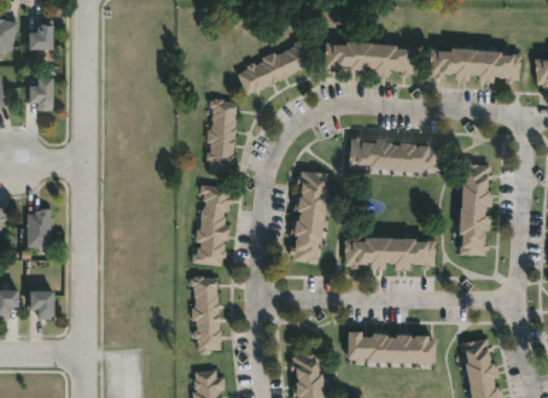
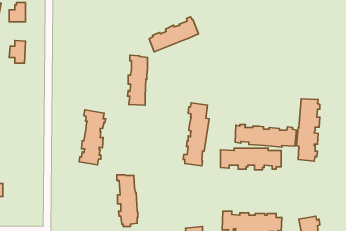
building: [323,40,414,74] -> none
building: [429,46,520,77] -> none
building: [349,136,441,170] -> [235,124,297,147]
building: [192,183,232,265] -> [79,110,106,165]
building: [27,209,51,246] -> none
building: [30,291,54,320] -> none

